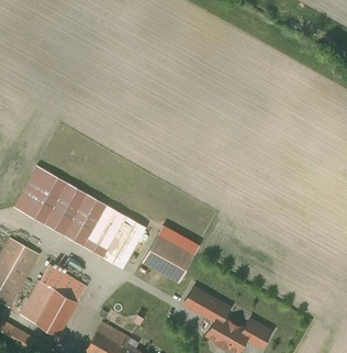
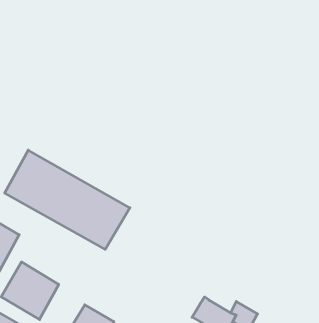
building: [143,224,201,283] -> none
building: [41,265,86,302] -> none
building: [184,287,228,321] -> none

